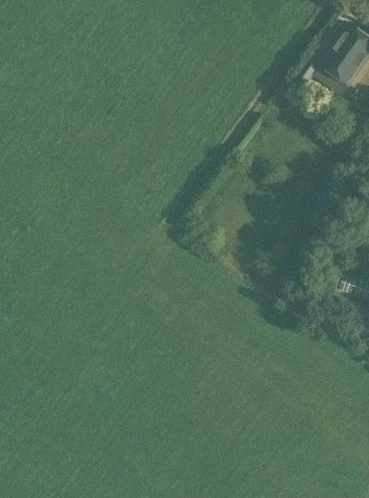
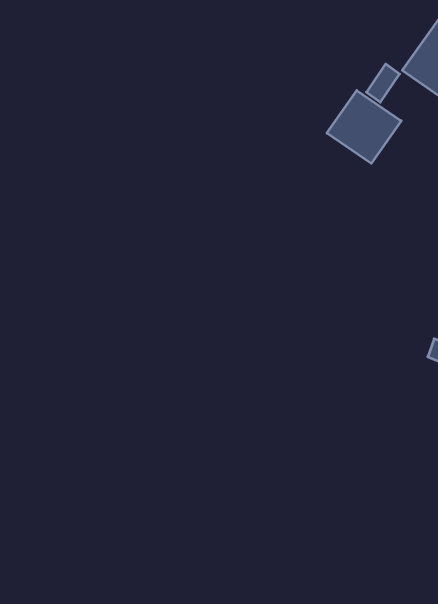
building: none -> [327,90,401,163]

